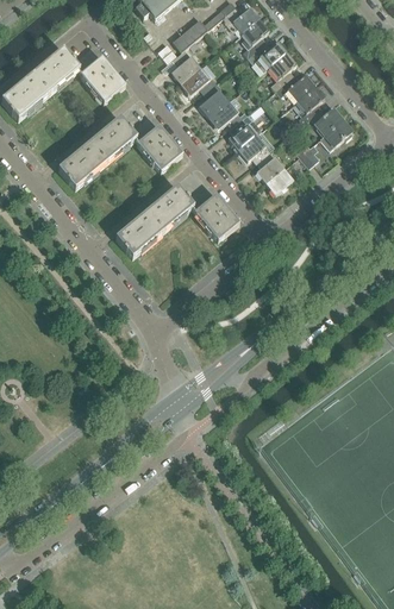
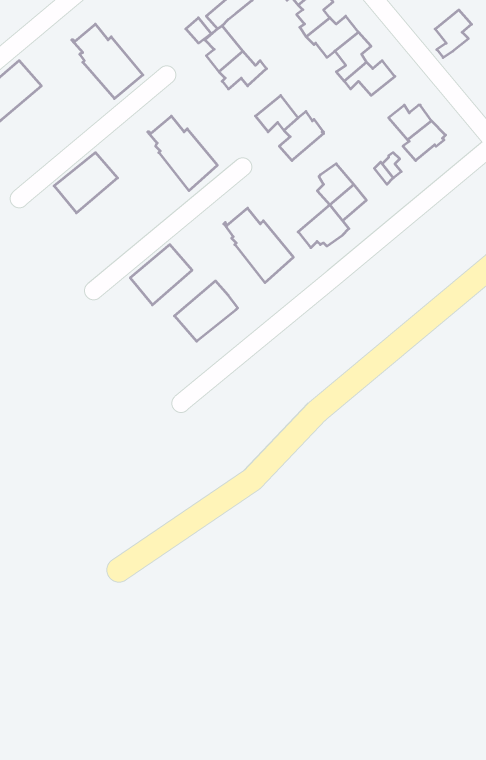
building: [31,48,79,93] -> none
building: [196,80,227,115] -> none
building: [295,86,323,121] -> [435,10,472,58]
building: [88,117,135,162] -> none
building: [236,128,274,161] -> [298,205,349,248]
building: [144,186,192,231] -> [174,281,238,341]

